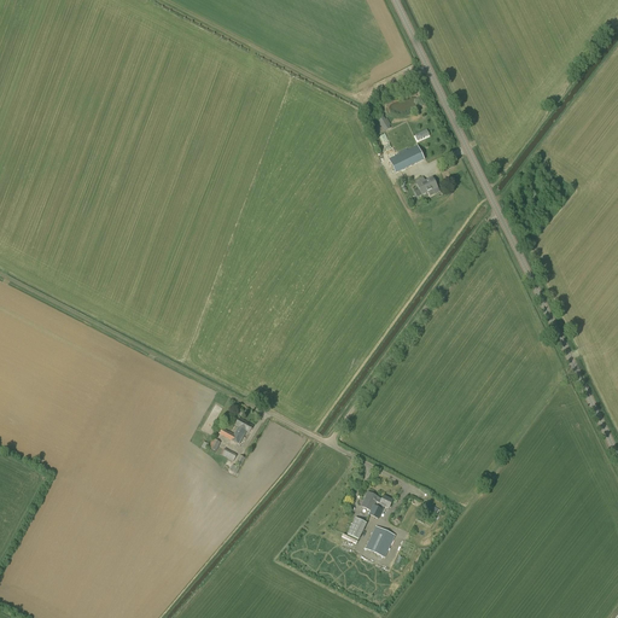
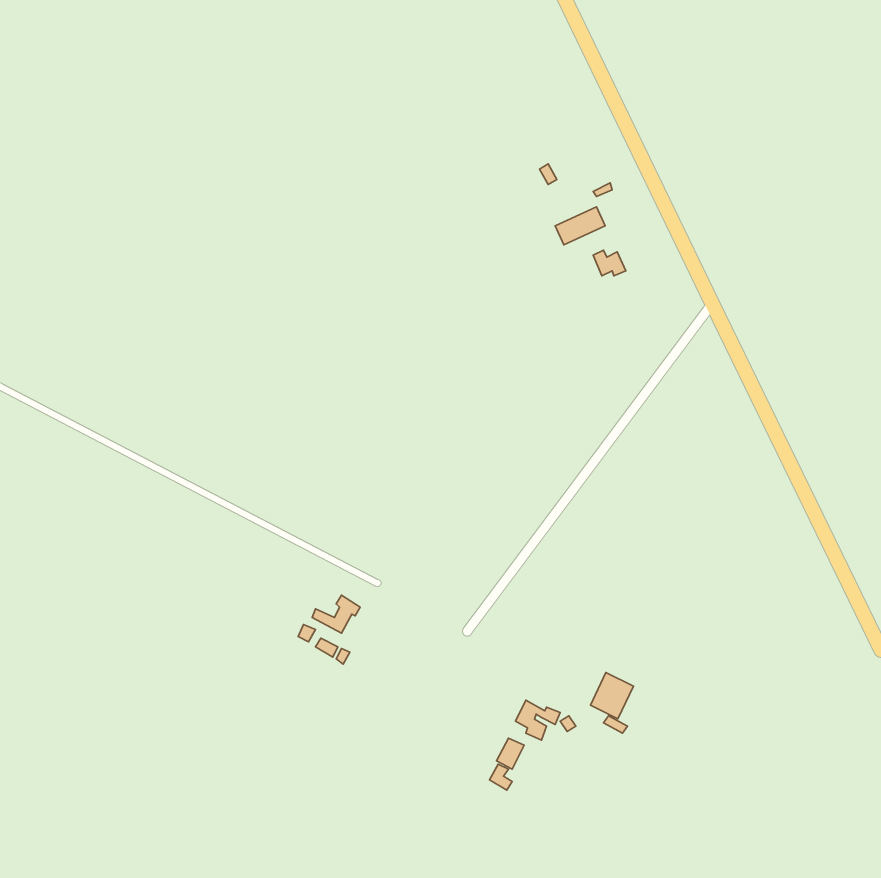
building: [365,524,395,556] -> [590,672,633,719]

